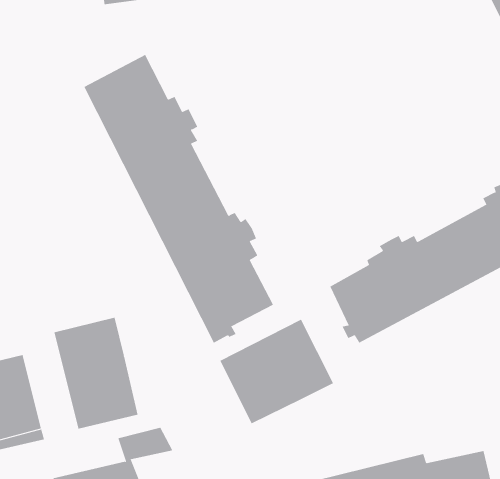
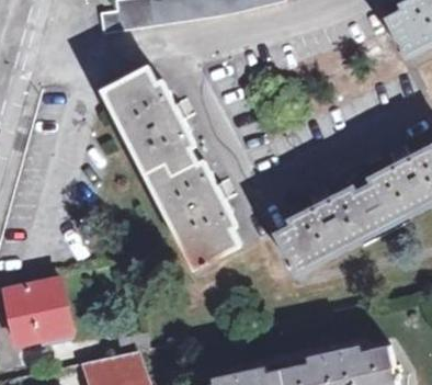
building: [54,317,138,429] -> none
building: [220,319,334,424] -> none

